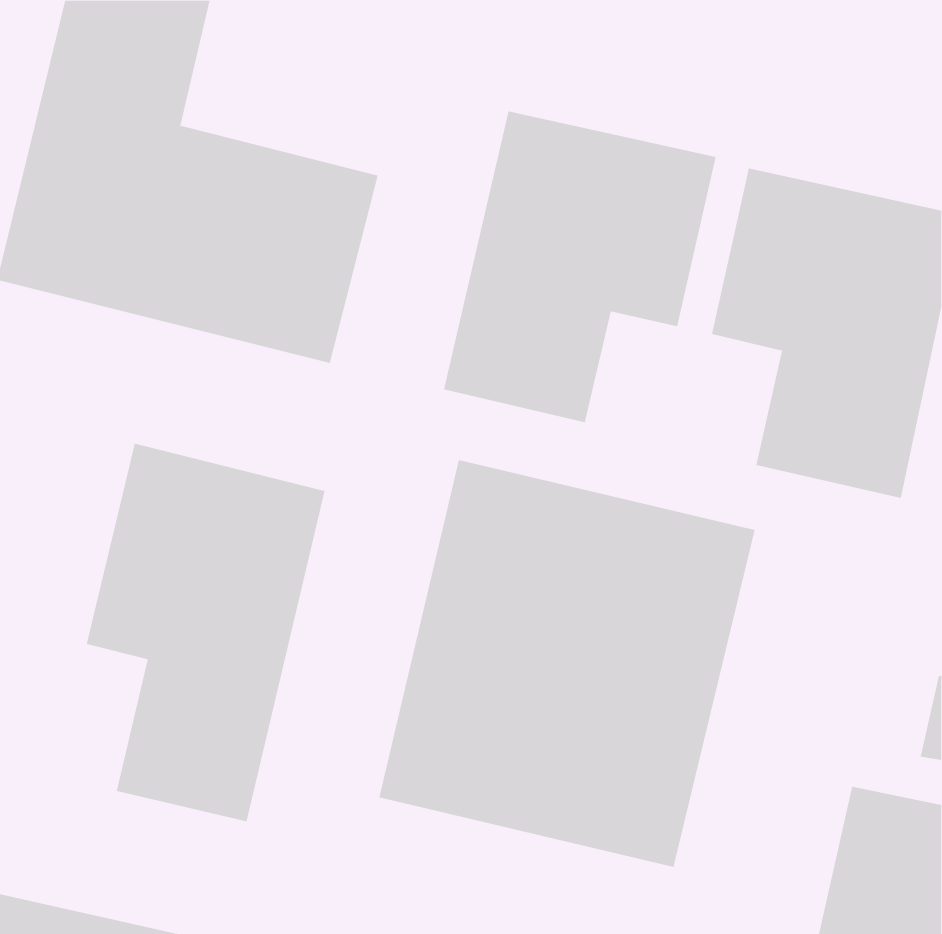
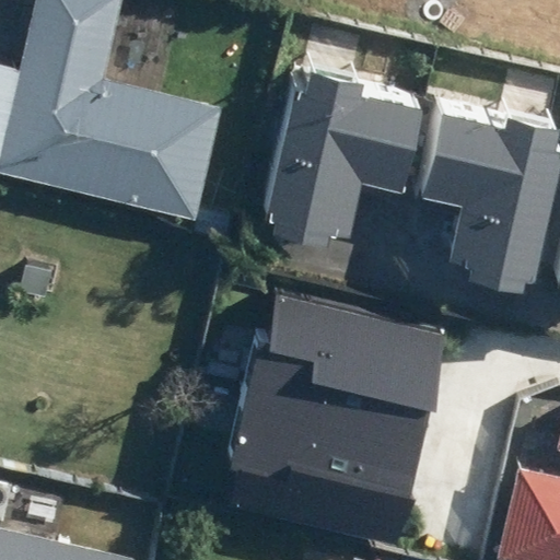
building: [86,443,325,822] -> none

